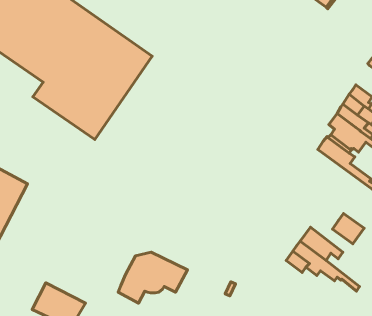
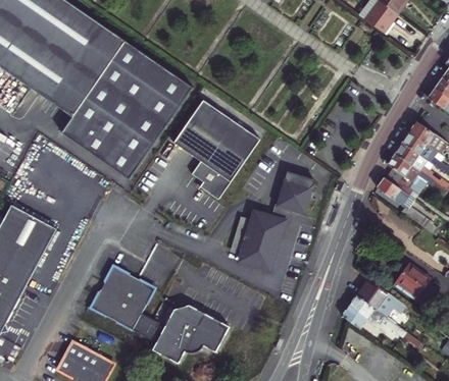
building: none -> [171,100,258,200]
building: none -> [232,171,313,273]
building: none -> [92,265,162,341]

